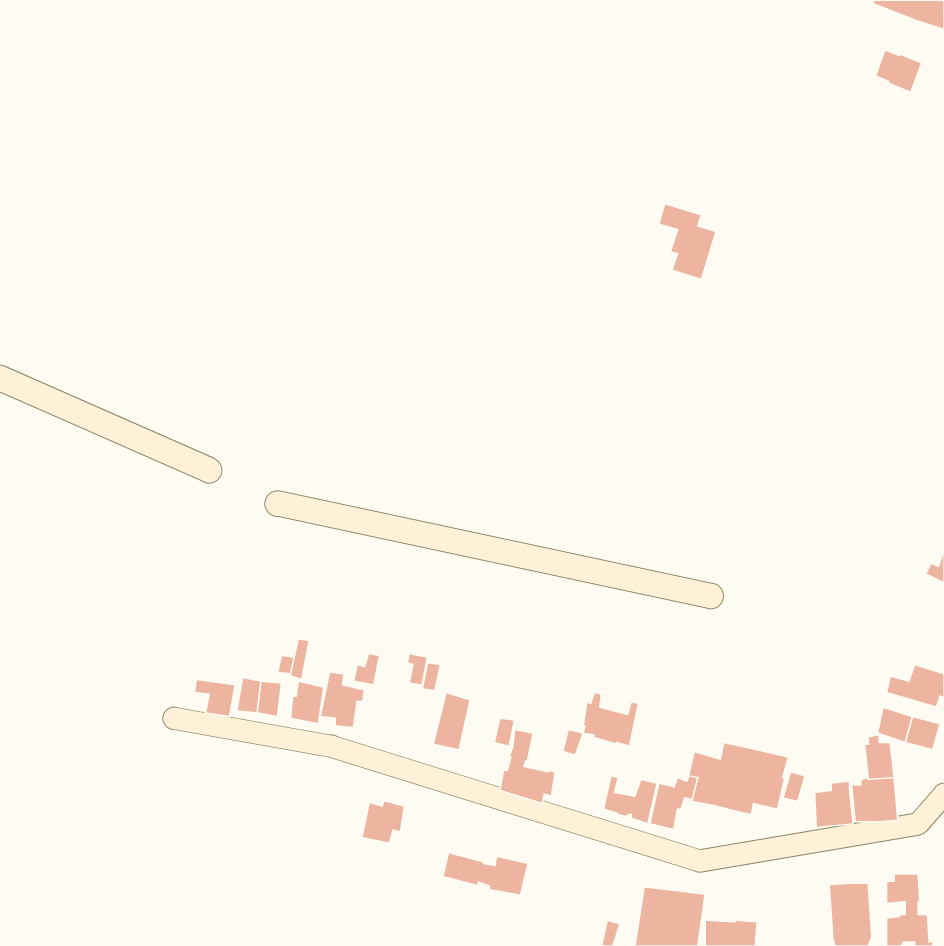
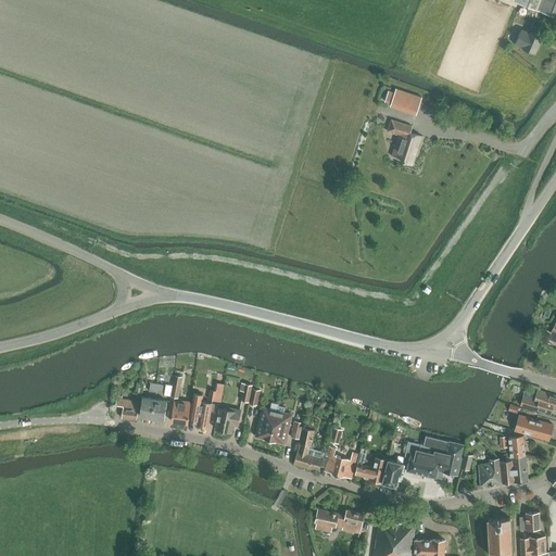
building: none -> [390,89,420,114]
building: [583,692,639,746] -> [324,447,356,479]
building: none -> [269,410,291,443]
building: [362,800,404,843] -> [214,407,239,432]
building: [443,853,528,895] -> [314,508,364,533]

